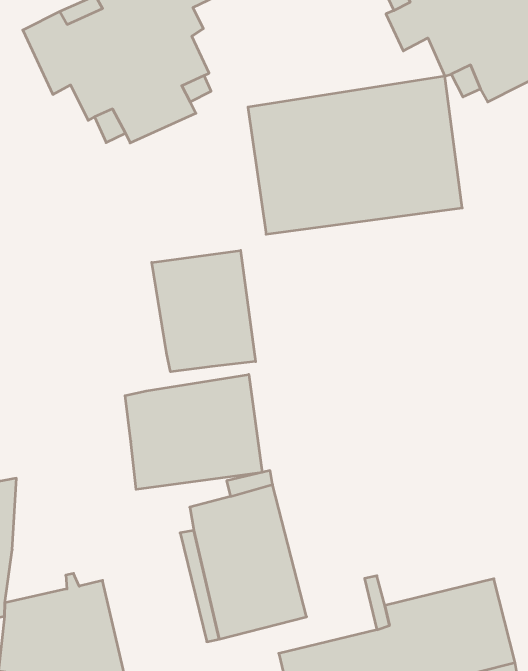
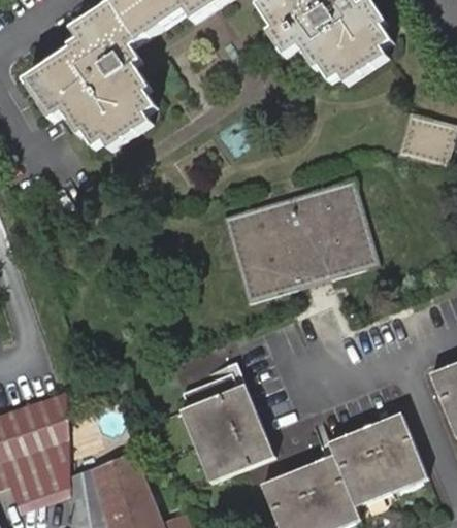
building: [248,76,462,234] -> [220,177,377,303]
building: [152,250,256,372] -> none
building: [125,374,262,489] -> none

